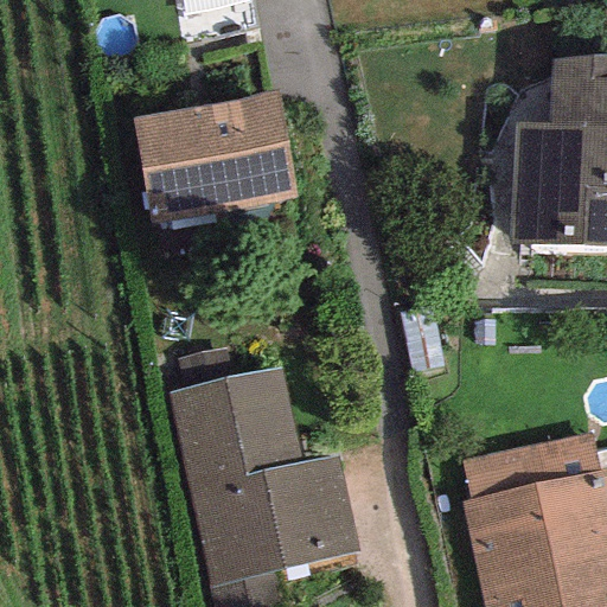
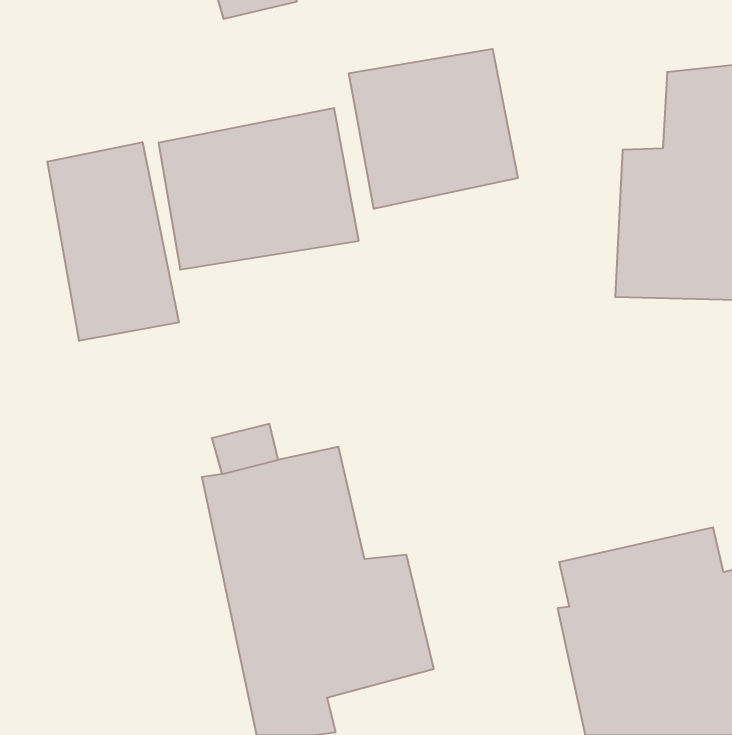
building: none -> [349,49,518,209]
building: none -> [48,142,179,341]

